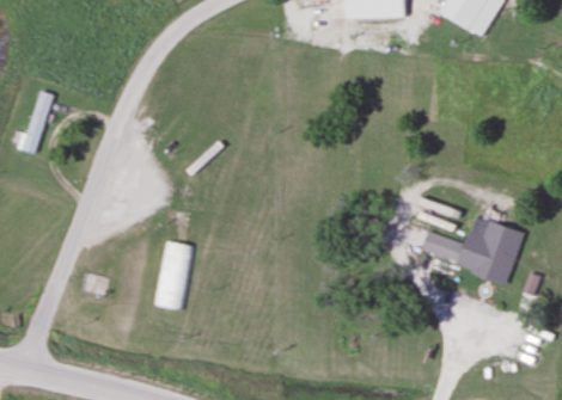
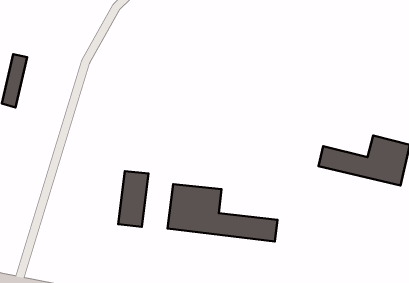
building: none -> [167,184,277,241]

